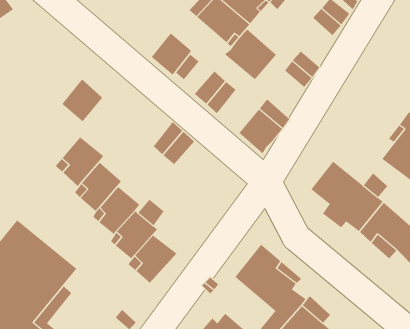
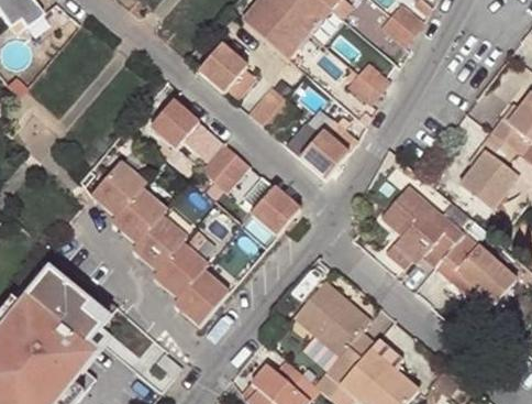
building: [224,29,277,80] -> none
building: [61,78,103,122] -> [152,99,199,149]
building: none -> [251,186,298,234]

